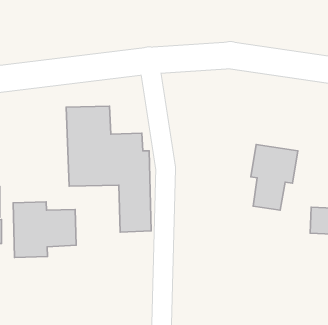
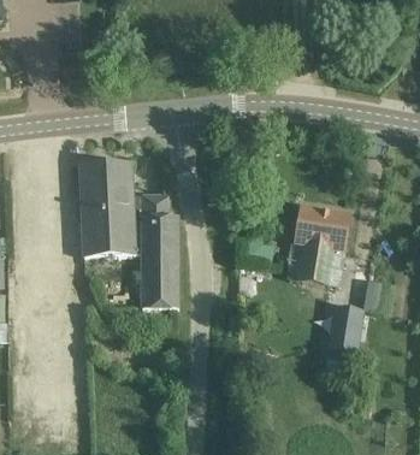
building: [13,202,76,258] -> none
building: none -> [323,306,363,360]

